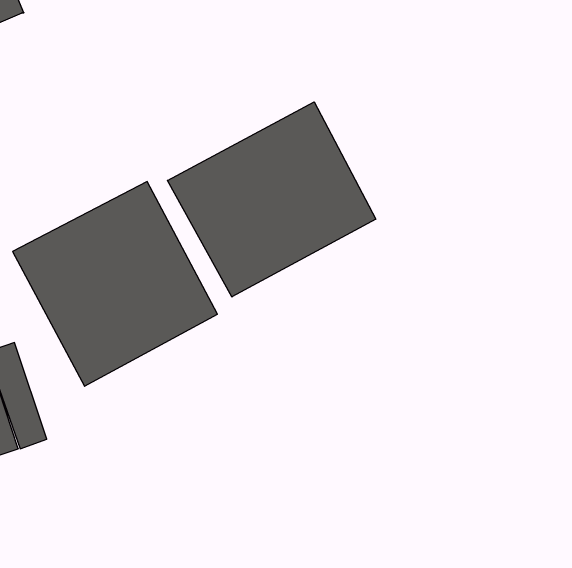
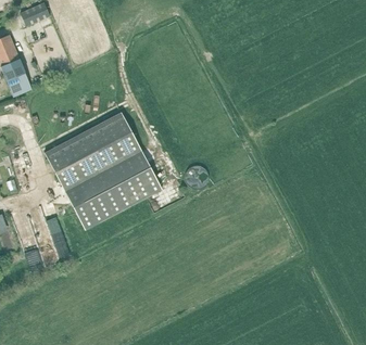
building: [167,102,376,297] -> none

